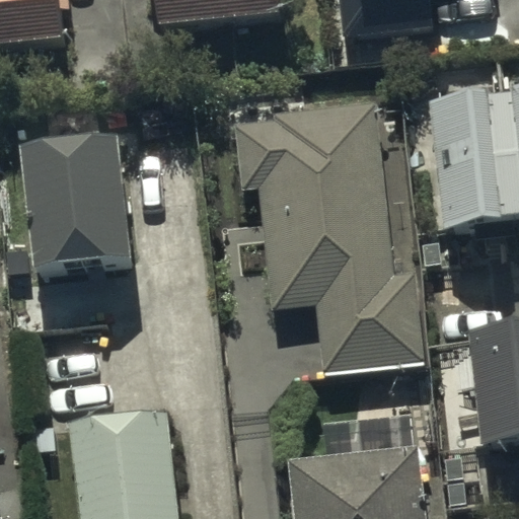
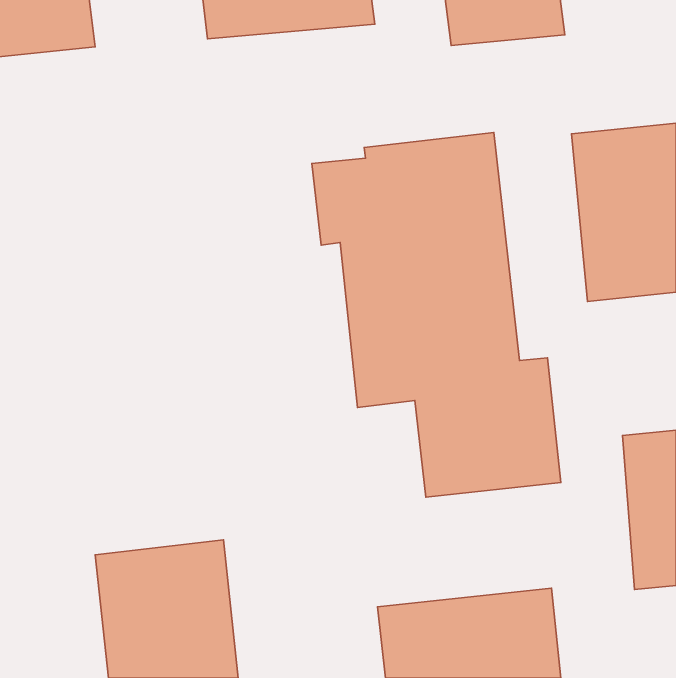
building: [23,139,134,273] -> none

